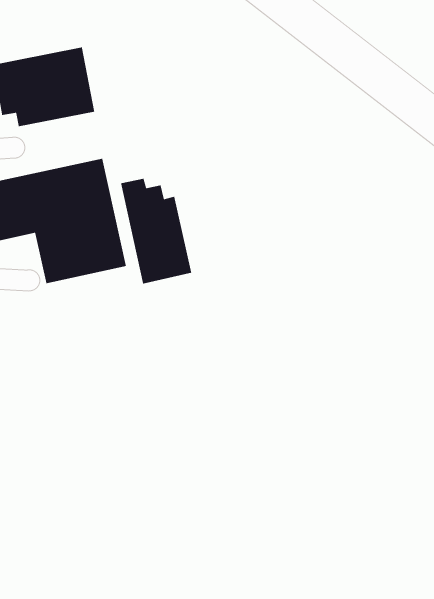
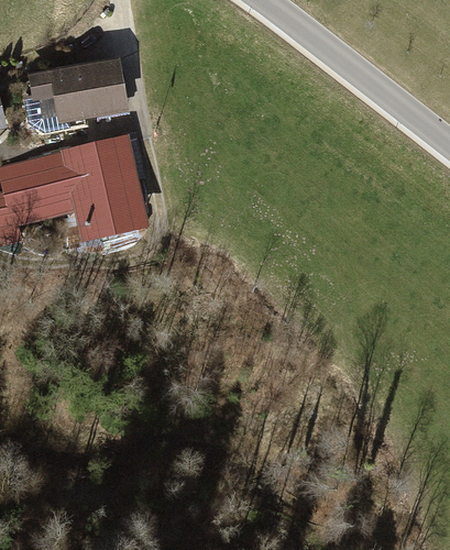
building: [120,178,192,285] -> none

